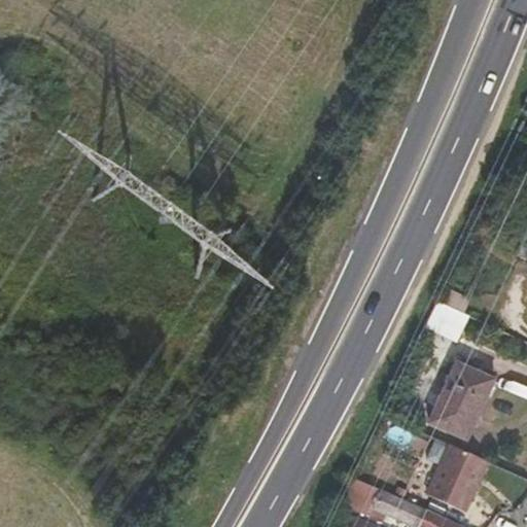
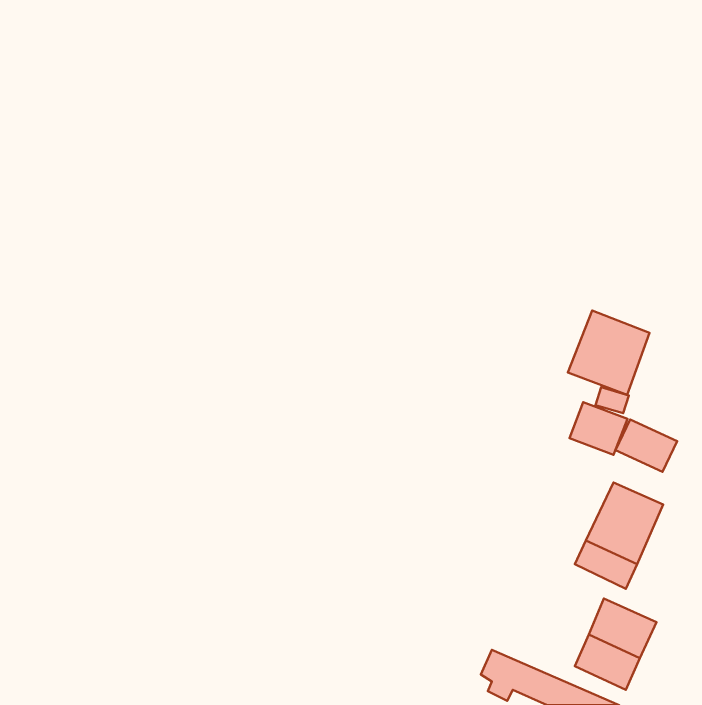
building: none -> [568,311,649,395]
building: none -> [615,420,677,472]

